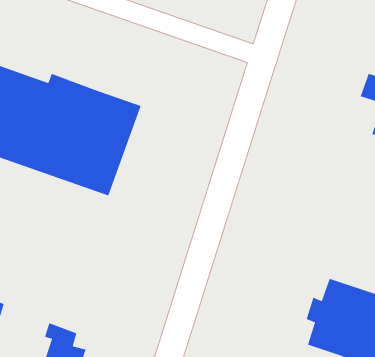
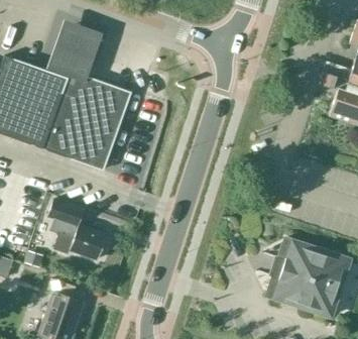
building: none -> [52,18,106,78]
building: none -> [46,199,106,259]

